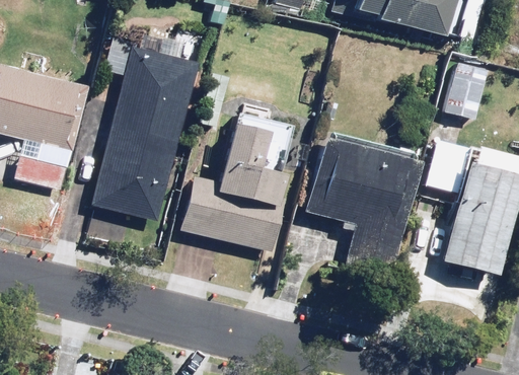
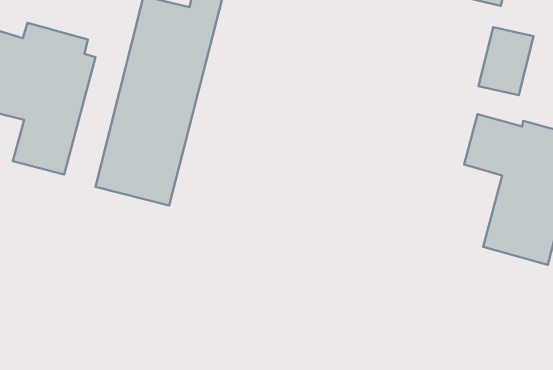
building: [182,111,294,253] -> none
building: [303,129,424,275] -> none

